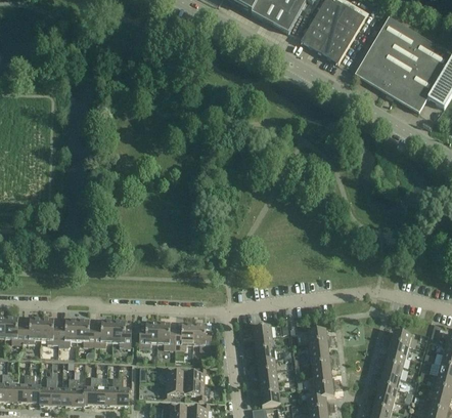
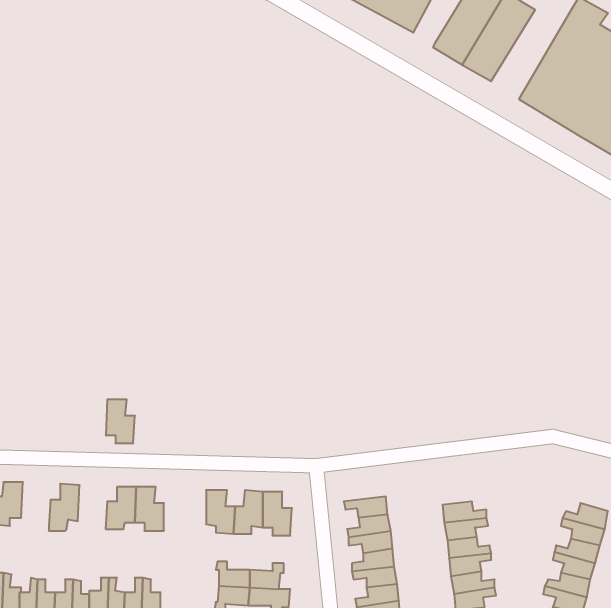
building: [41,316,59,343] -> none
building: [77,318,95,345] -> [106,399,135,443]
building: [138,320,157,347] -> none

